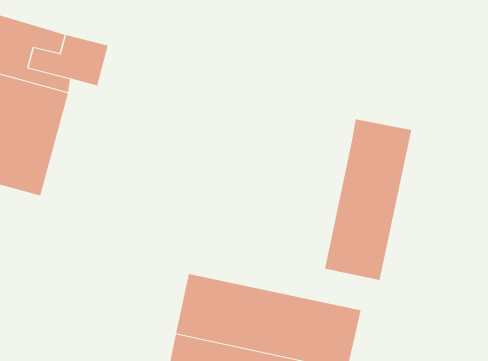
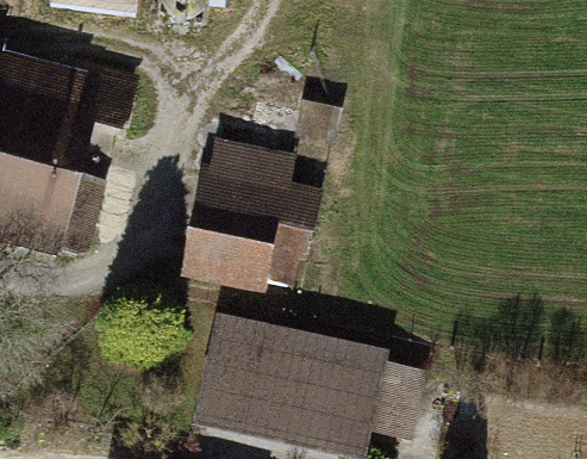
building: none -> [185,138,295,280]
building: [324,118,412,281] -> none

